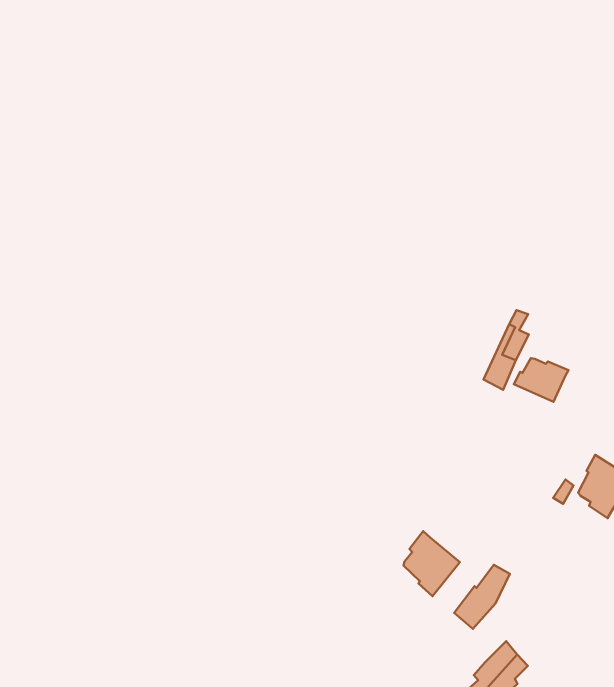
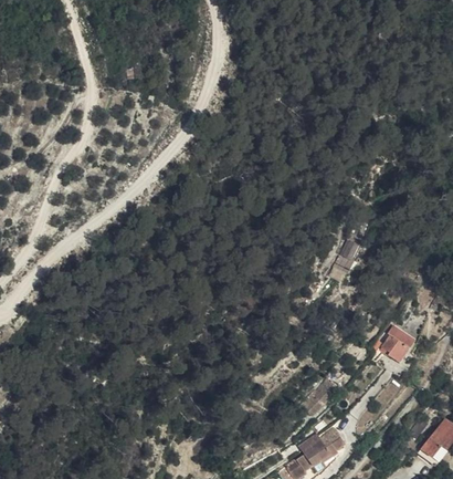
building: [514,358,568,402] -> none
building: [403,531,460,596] -> none

